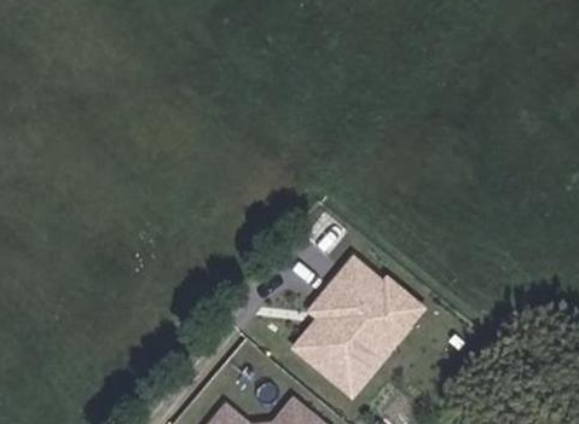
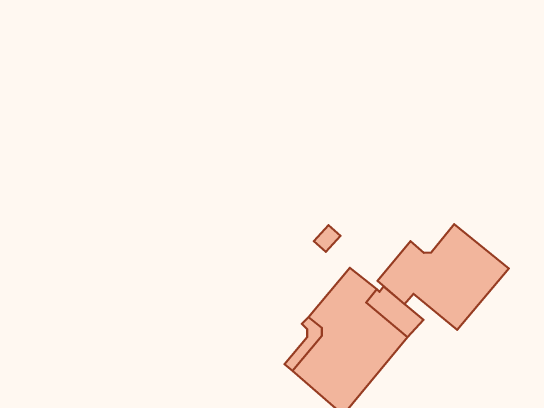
building: none -> [378,224,509,330]

